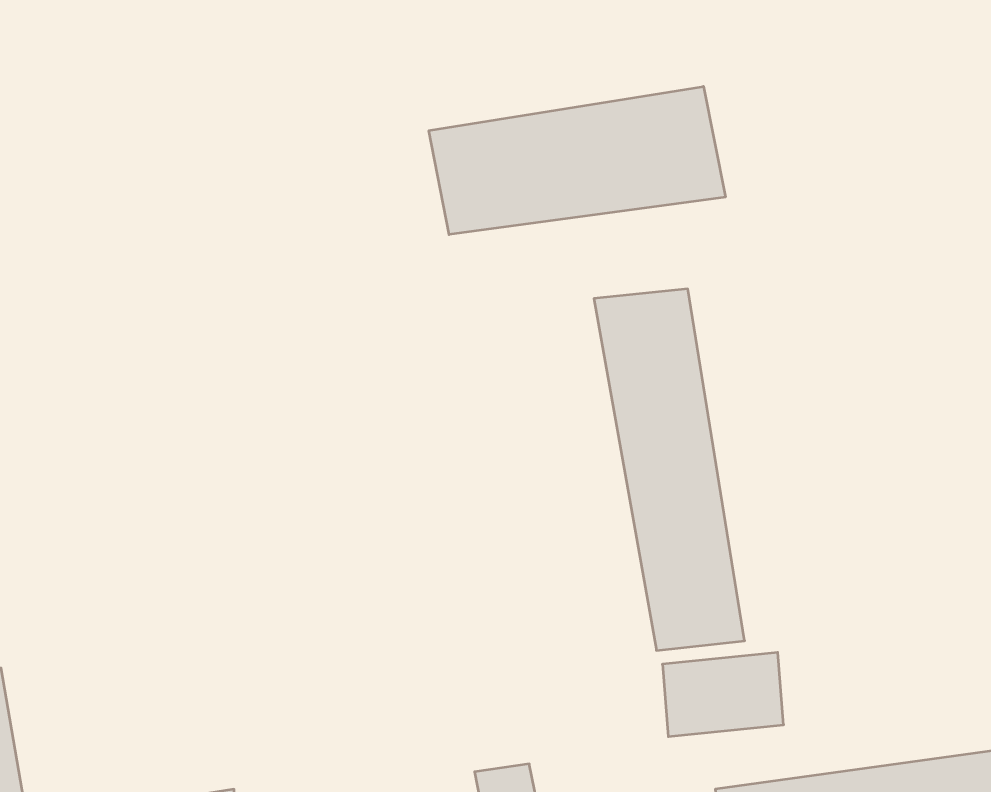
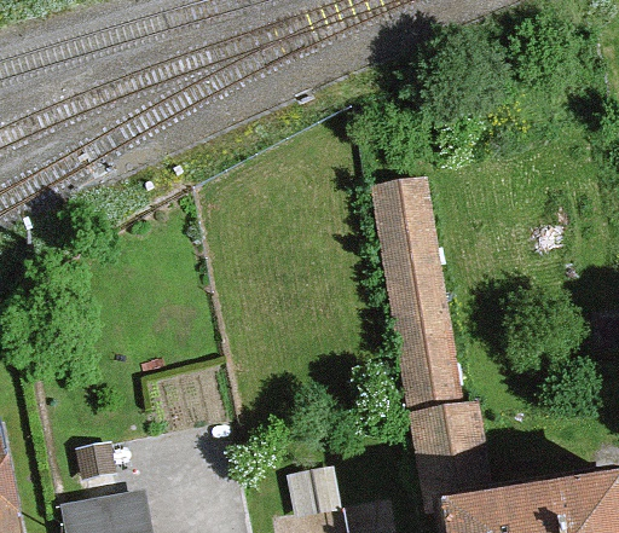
building: [429,86,725,235] -> none

